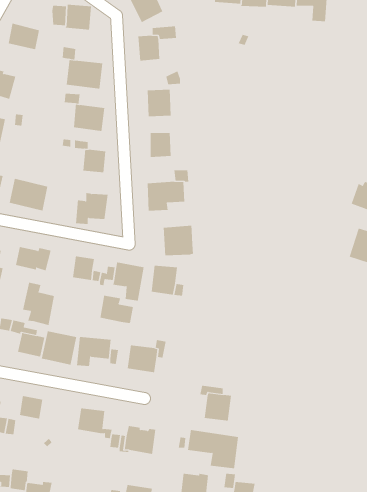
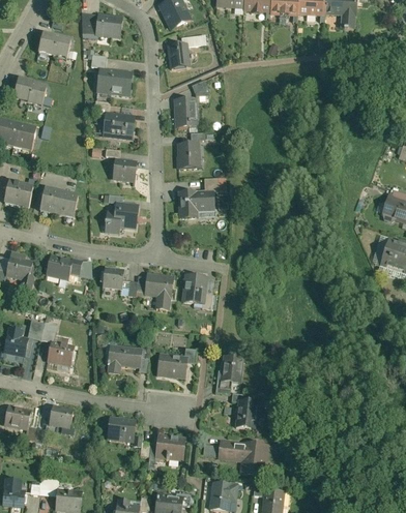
building: [163,225,193,256] -> none
building: [23,282,54,326] -> none
building: [100,295,133,324] -> none
building: [41,330,77,365] -> none
building: none -> [220,355,242,384]

